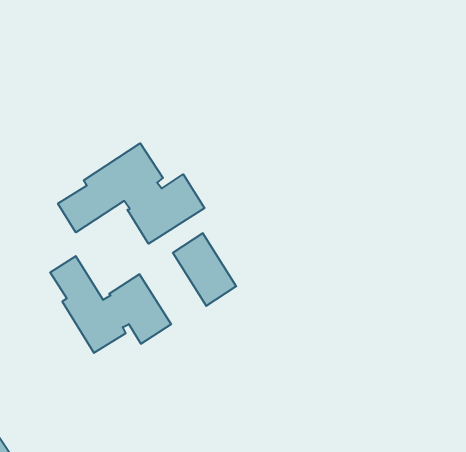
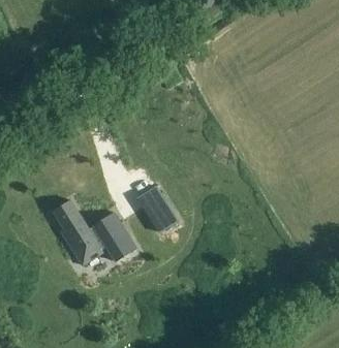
building: [58,143,204,244] -> none

